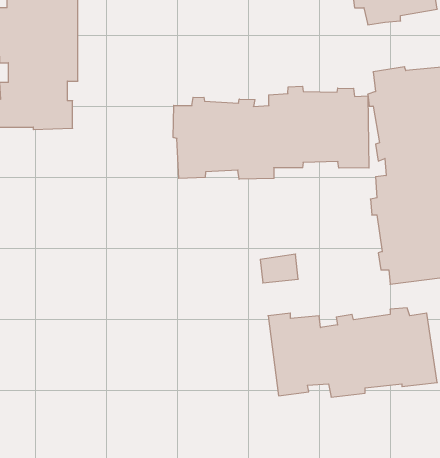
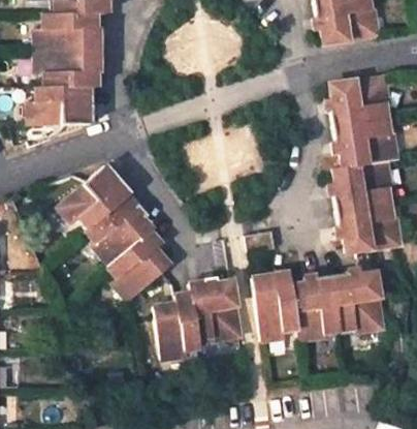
building: [173,86,369,179] -> none
building: none -> [61,164,162,304]
building: none -> [147,273,234,358]

